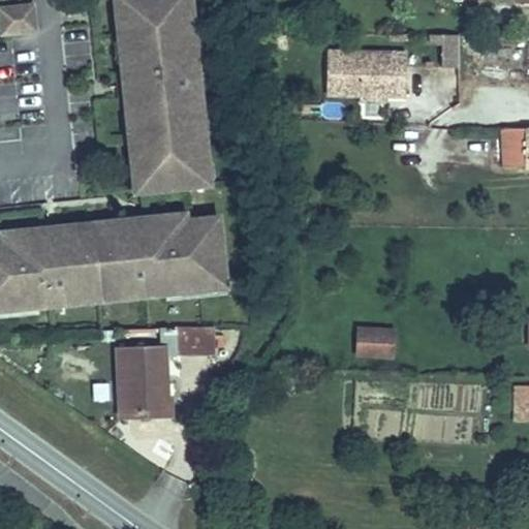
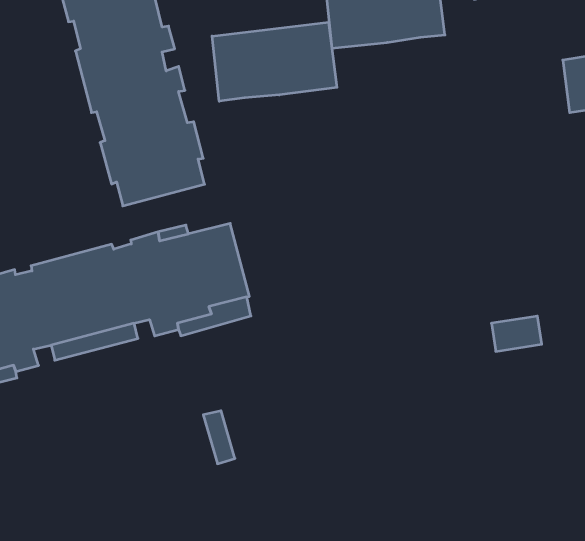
building: none -> [212,22,337,101]
building: [181,326,217,356] -> none
building: [360,329,397,351] -> [491,316,542,351]
building: [116,346,172,418] -> none

